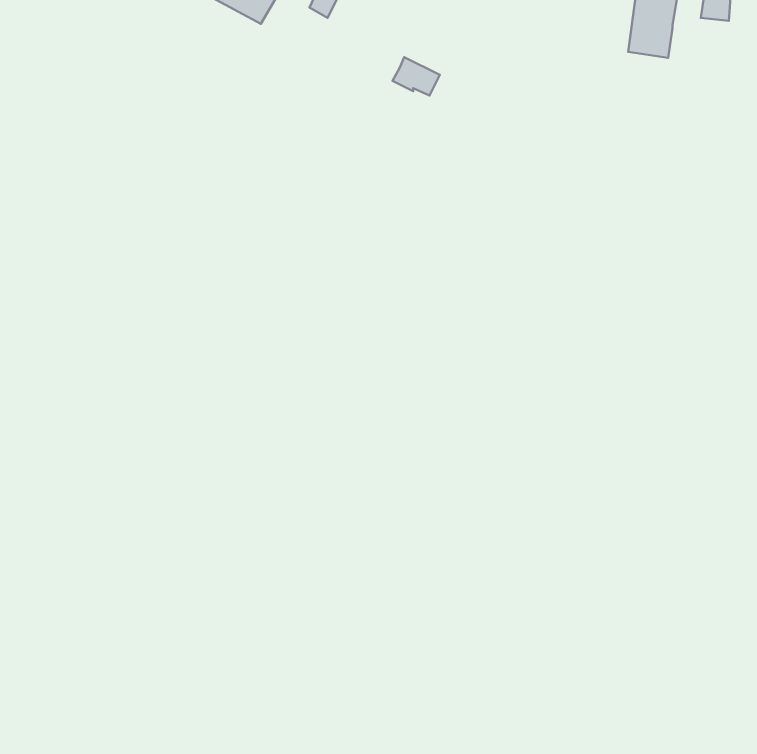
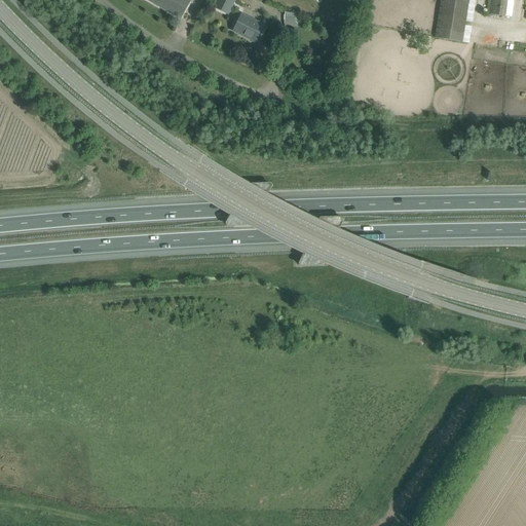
building: [392,57,440,96] -> [233,12,266,39]

